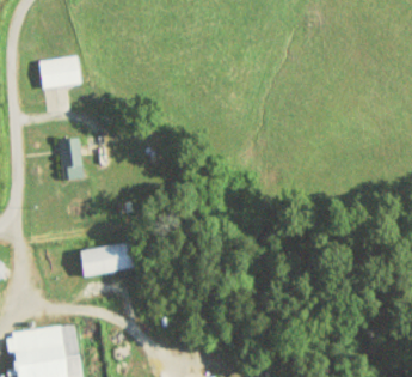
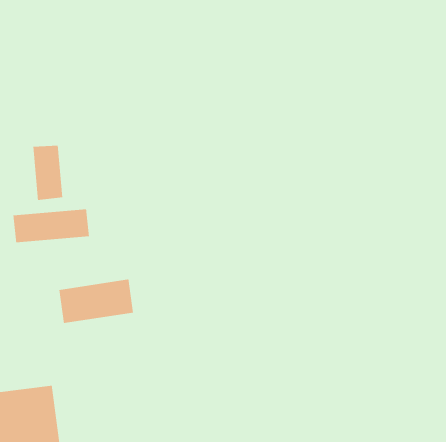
building: [39,56,81,90] -> none
building: none -> [13,209,89,243]

